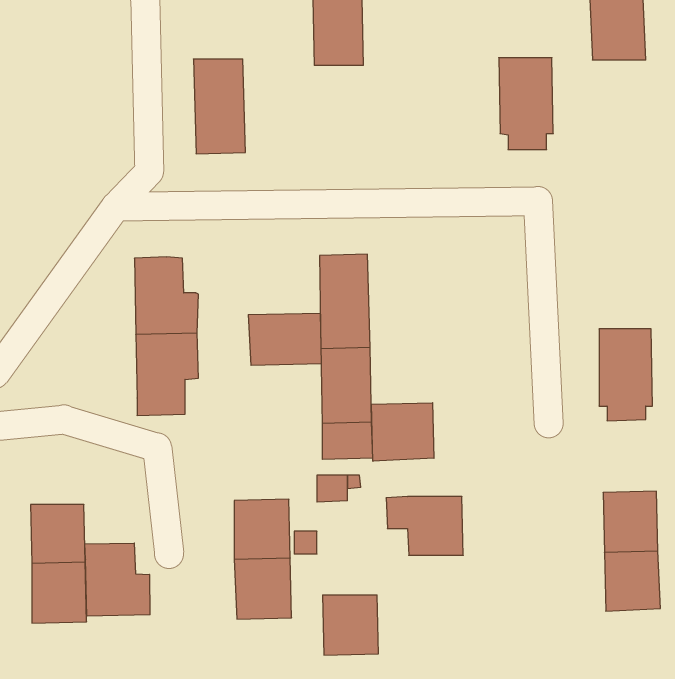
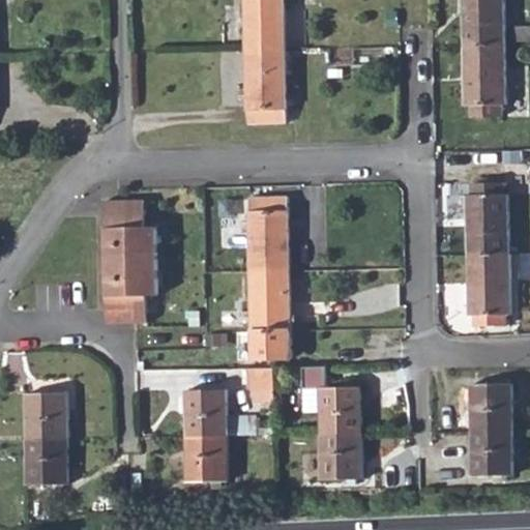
building: [499,58,553,150] -> [461,47,503,118]
building: [193,59,245,154] -> [244,51,285,124]
building: none -> [464,183,506,256]
building: [248,313,321,365] -> none
building: [371,403,434,461] -> none
building: [85,543,150,616] -> none
building: [323,595,378,655] -> [318,432,361,478]

